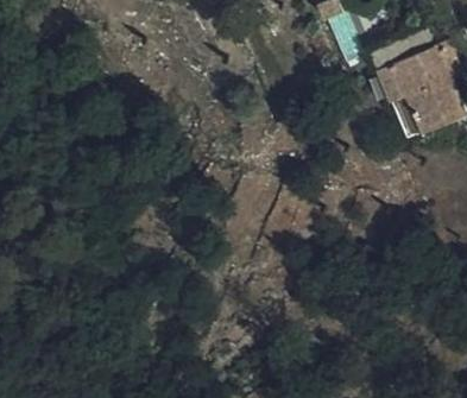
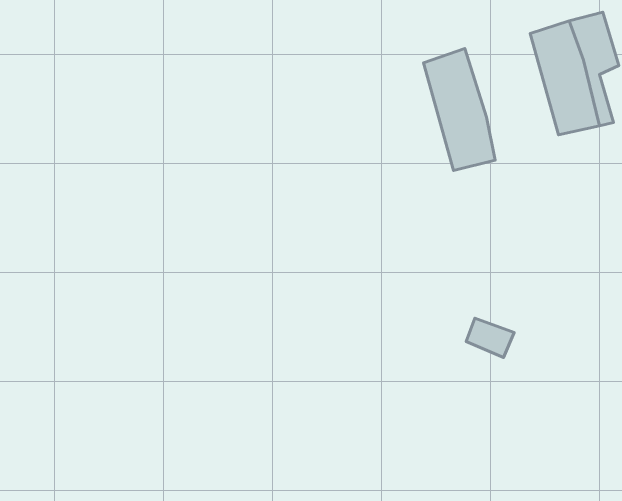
building: none -> [424,49,495,170]

